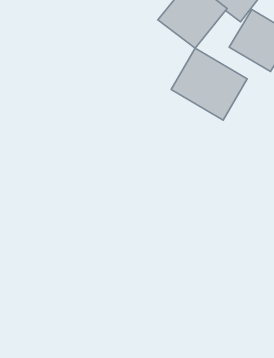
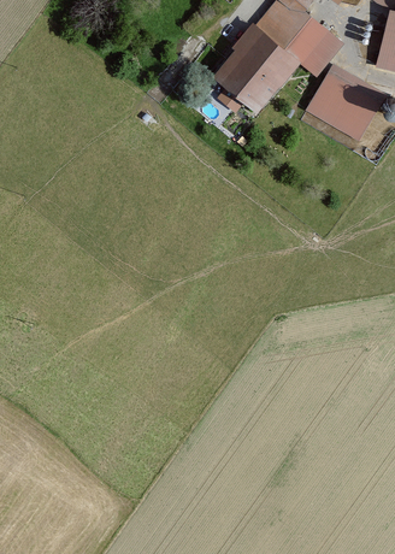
building: [171,48,247,120] -> none

